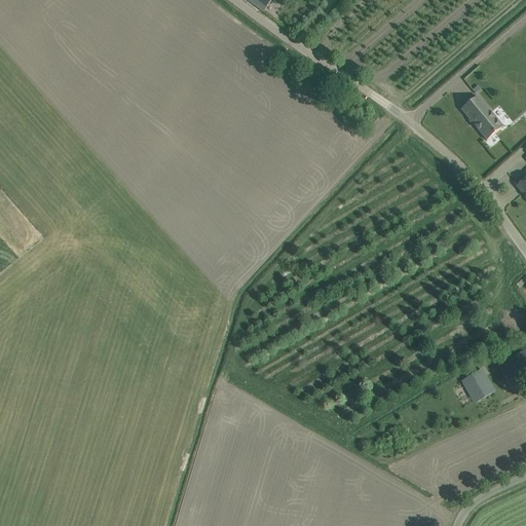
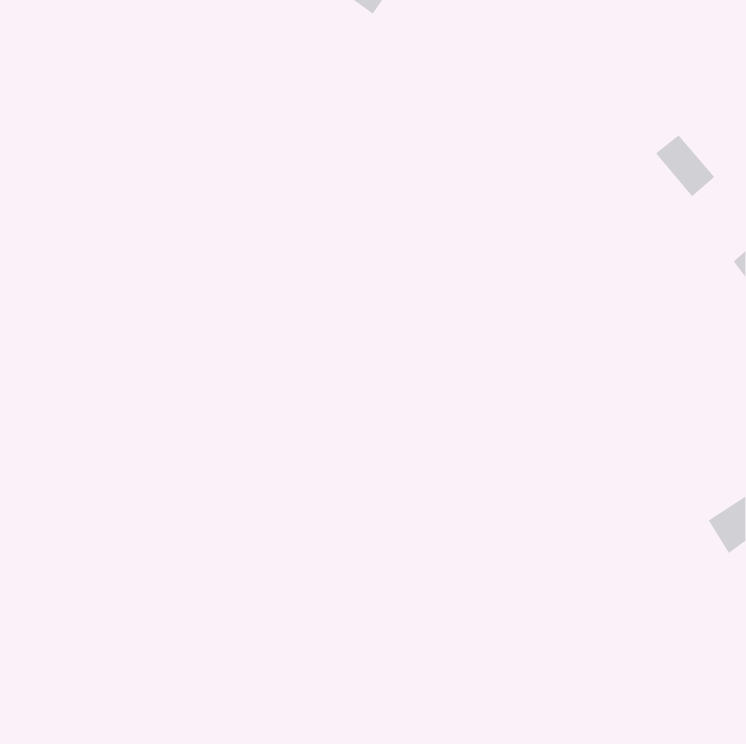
building: [461,368,493,400] -> none

